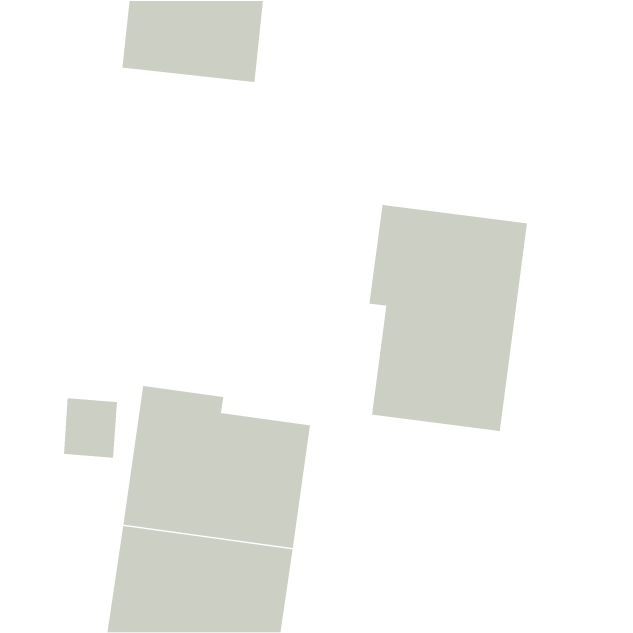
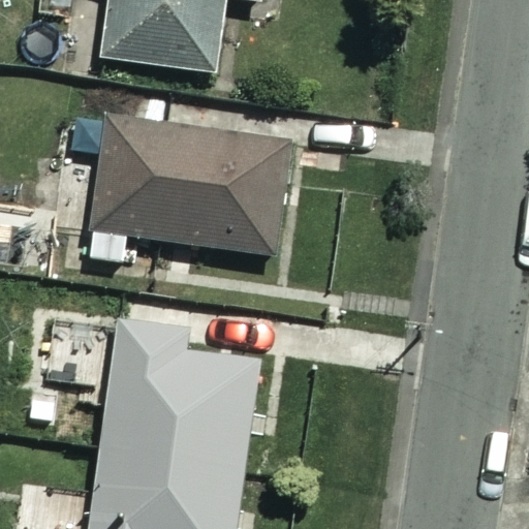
building: none -> [86,116,289,261]
building: [369,204,528,432] -> none

